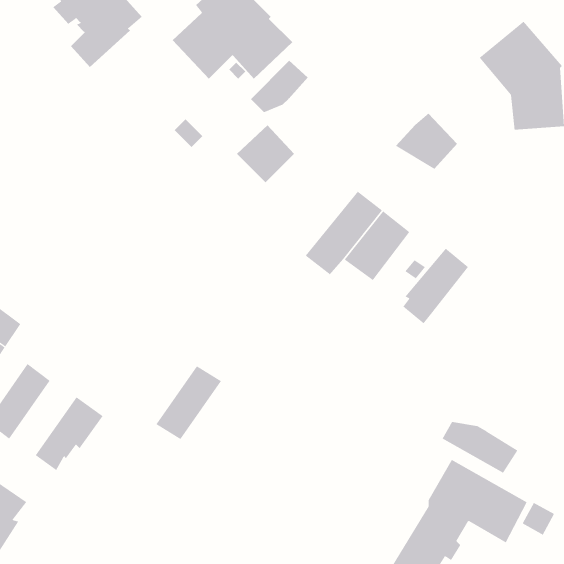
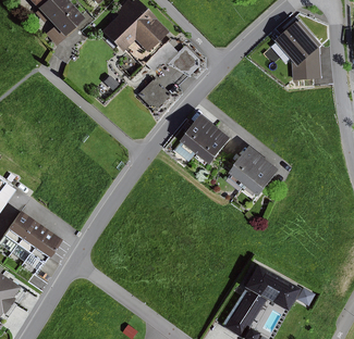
building: [395,113,458,169] -> [166,45,200,76]
building: none -> [245,156,281,196]
building: [155,365,222,440] -> [10,219,47,261]
building: [442,421,518,473] -> none

